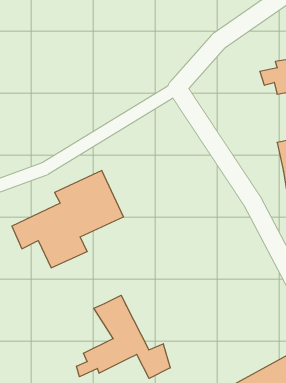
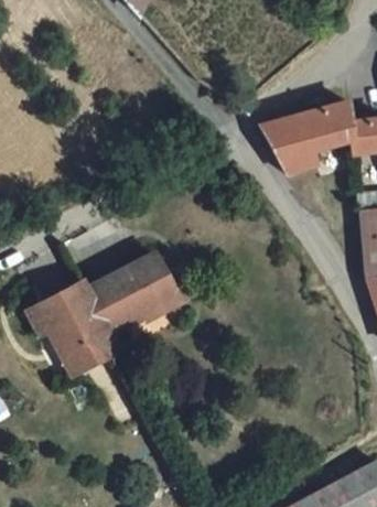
building: none -> [266,95,358,164]
building: [77,295,170,378] -> none

